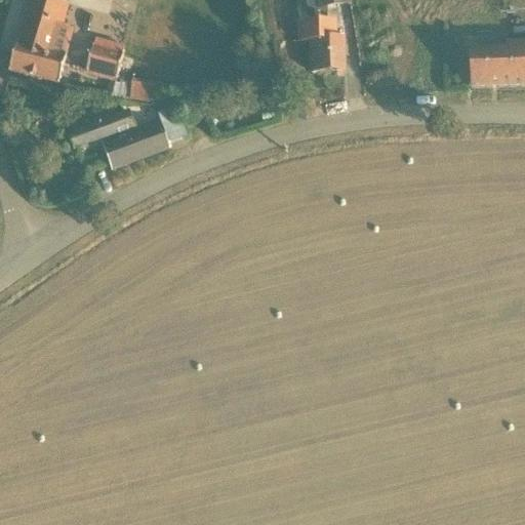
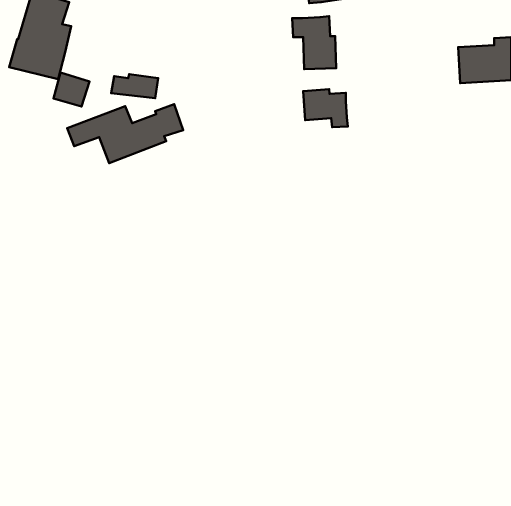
building: [86,43,123,78] -> [53,73,89,107]
building: none -> [303,89,348,127]

